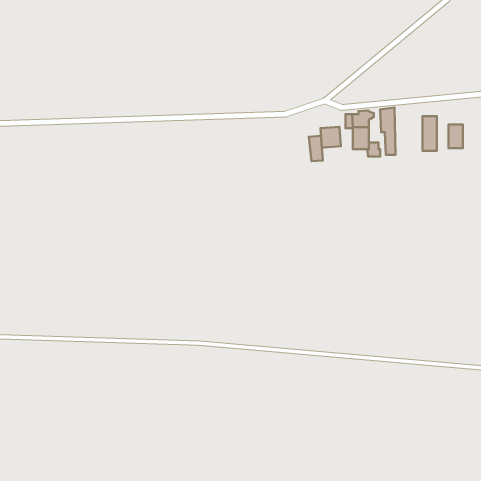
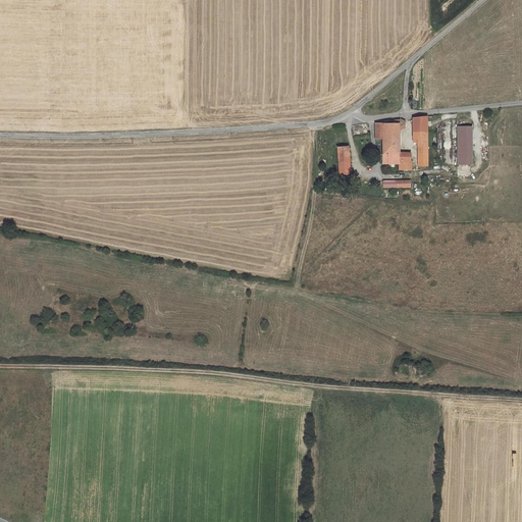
building: [448,124,463,148] -> none
building: [320,127,341,148] -> none

